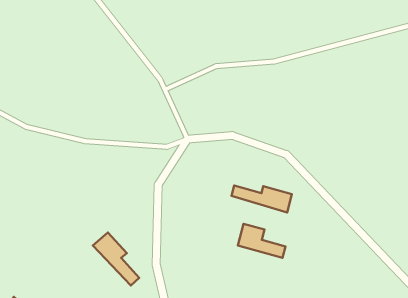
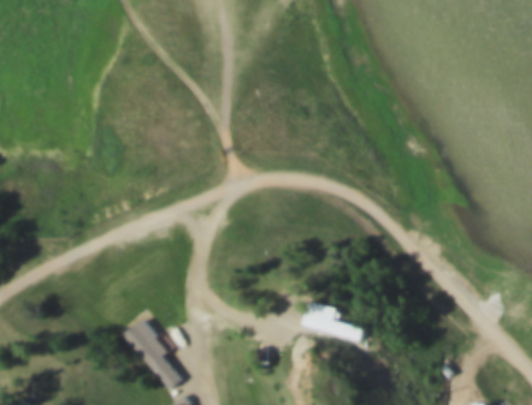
building: [232,186,292,213] -> none

